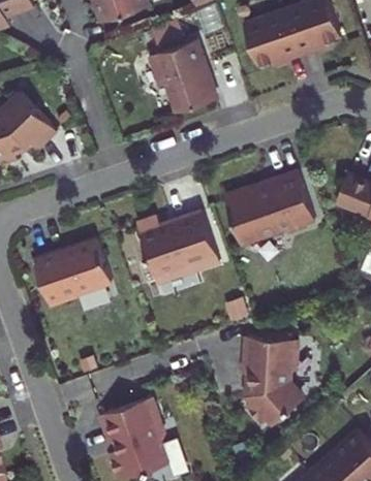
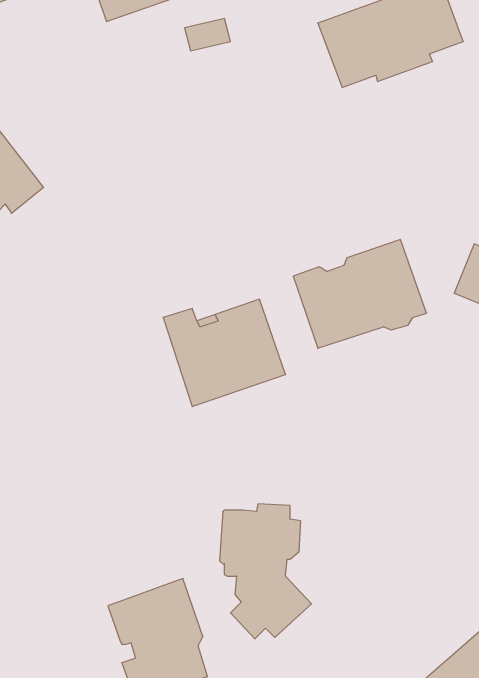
building: [149,41,216,115] -> none
building: [35,238,113,306] -> none
building: [243,332,305,423] -> [220,504,312,639]

